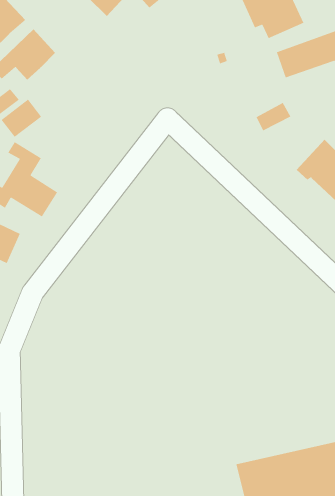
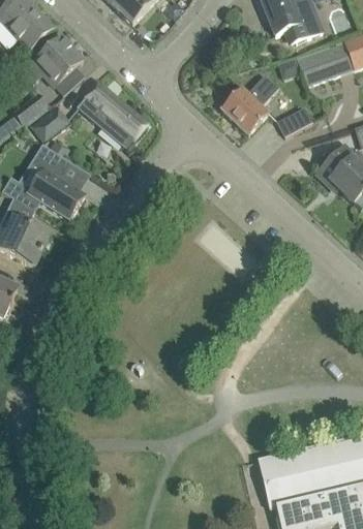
building: none -> [221,75,278,135]
building: none -> [78,81,148,147]

